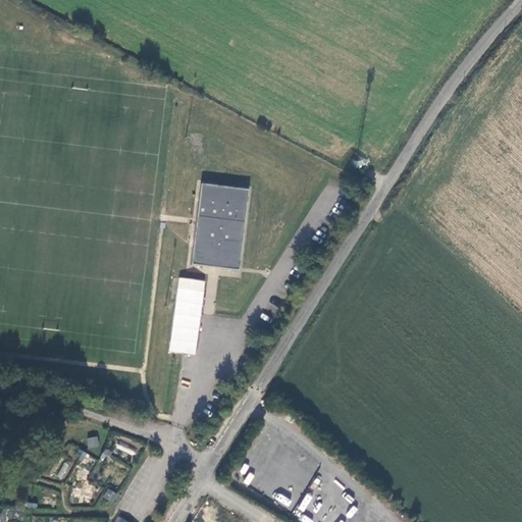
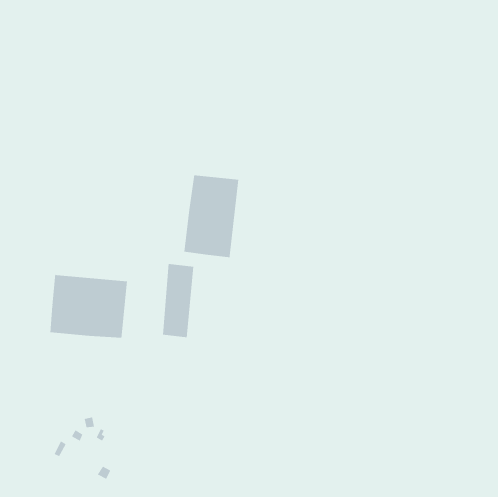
building: none -> [50,274,128,338]

